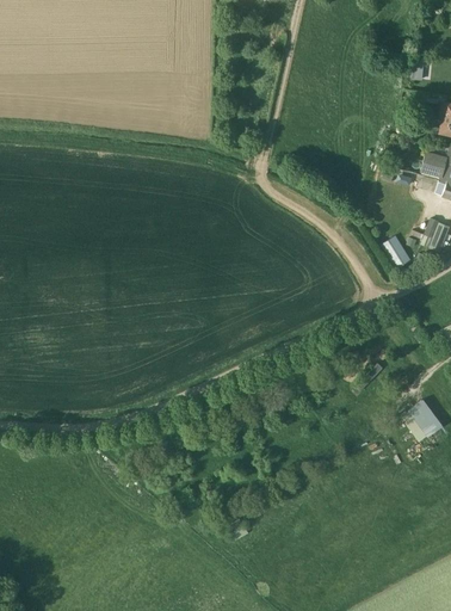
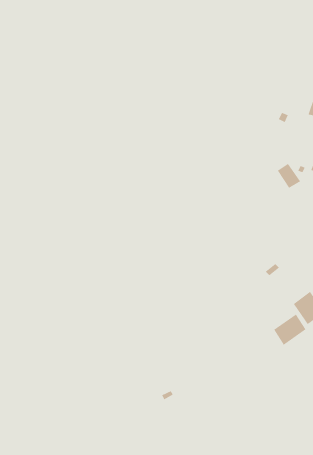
building: none -> [273,314,307,346]

